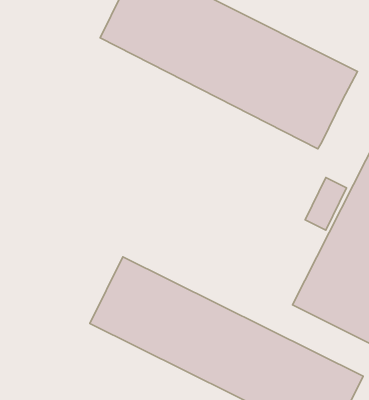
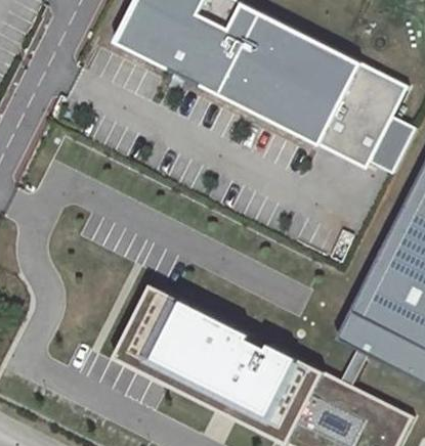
building: [305,178,347,230] -> [370,115,415,172]

